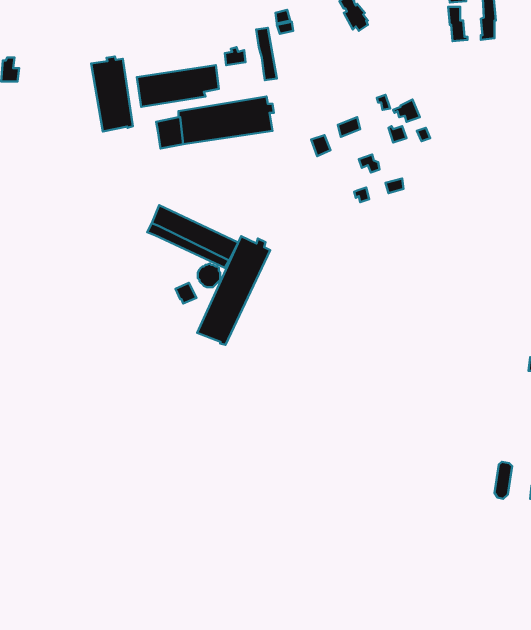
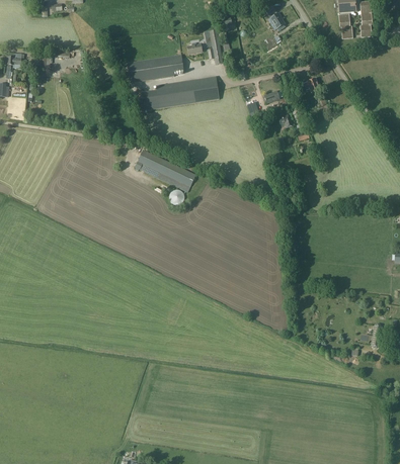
building: [91,57,133,131] -> none
building: [197,236,270,345] -> none

